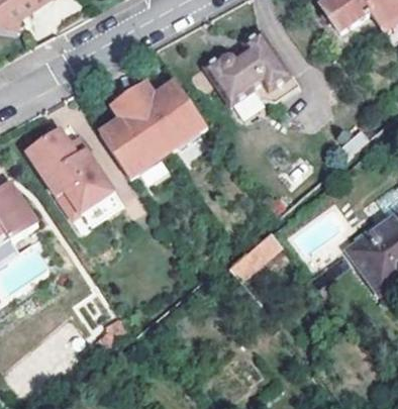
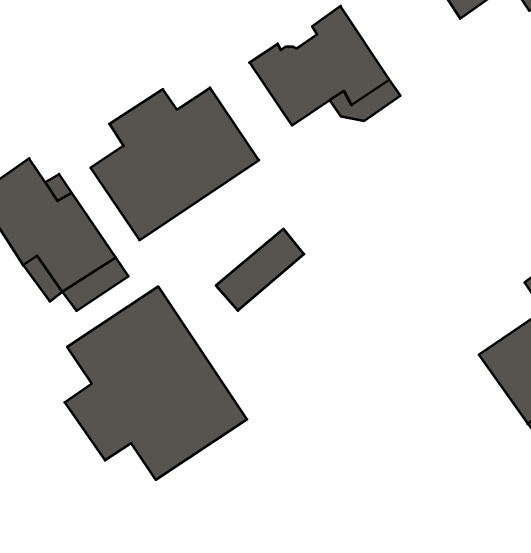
building: none -> [65,287,247,480]
building: [225,233,282,286] -> [216,229,304,311]

